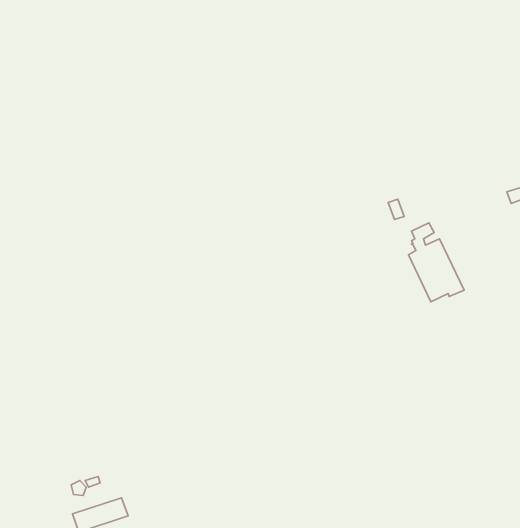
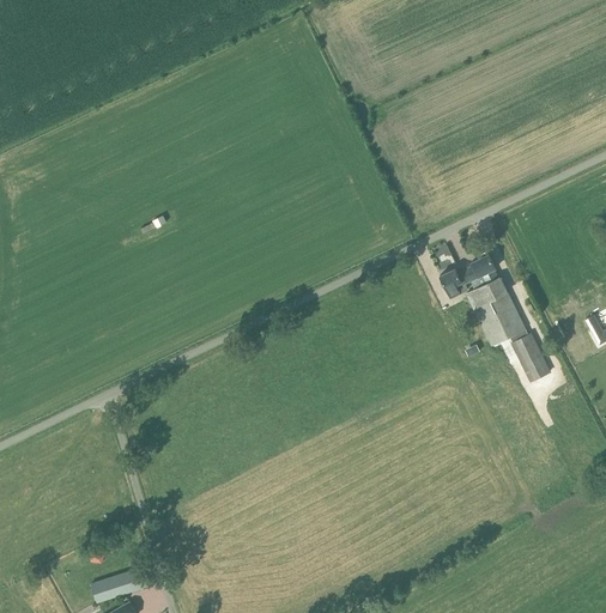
building: none -> [440,267,472,298]
building: none -> [510,332,550,382]

